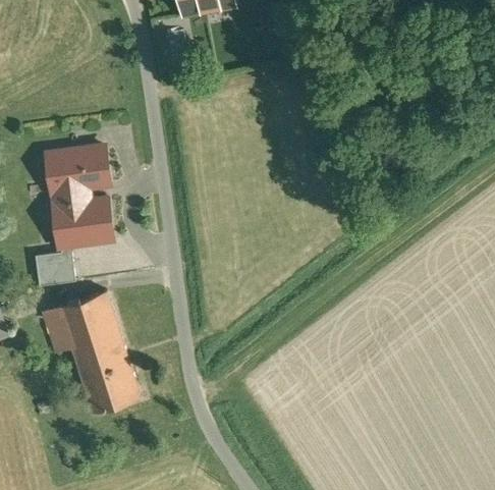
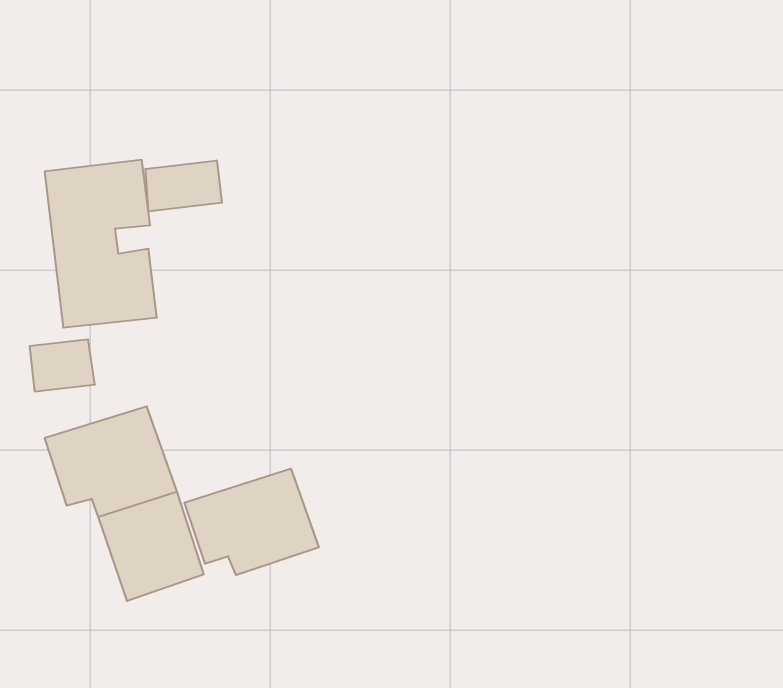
building: none -> [145,160,222,212]
building: none -> [184,469,319,575]

